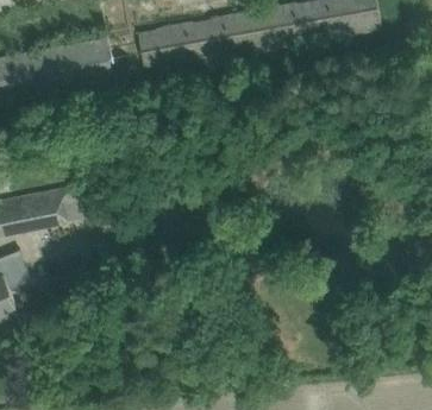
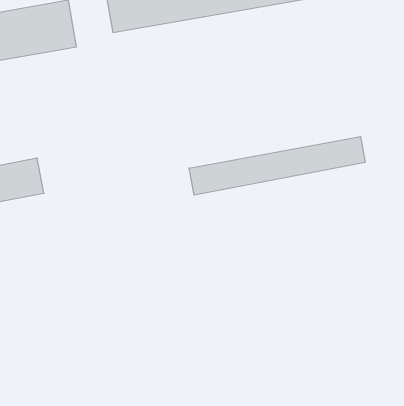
building: none -> [189,136,365,195]

